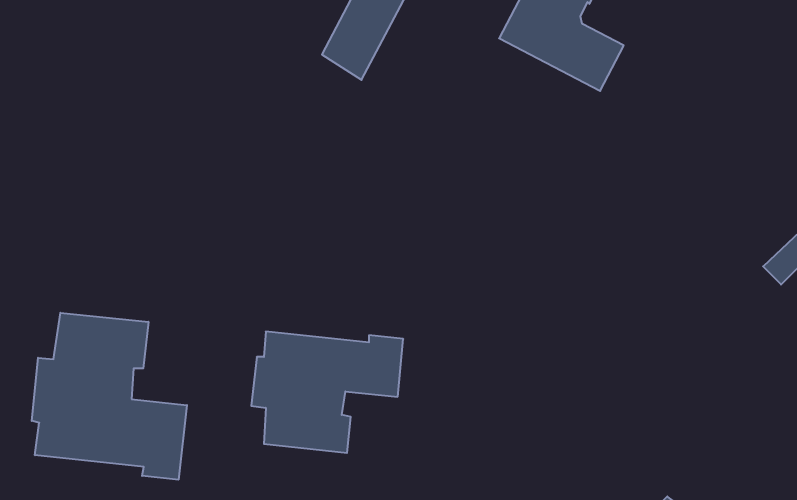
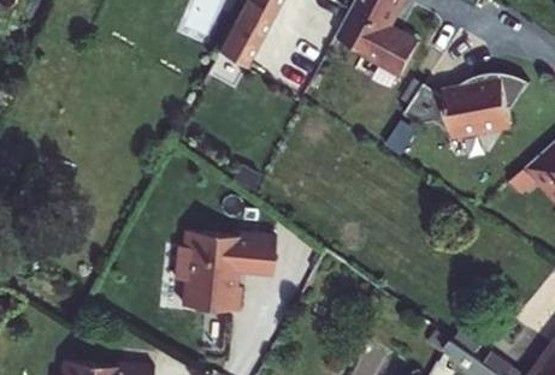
building: none -> [407,77,526,142]
building: [32,313,187,480] -> none

